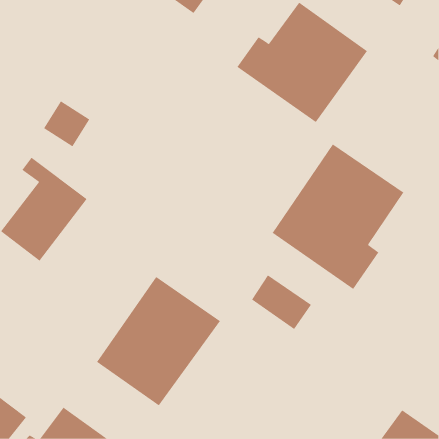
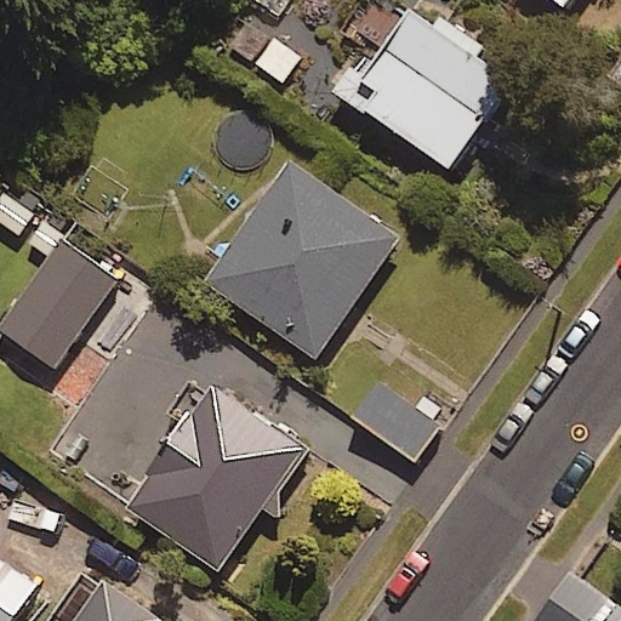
building: none -> [205,166,394,359]
building: [272,143,404,290] -> none

